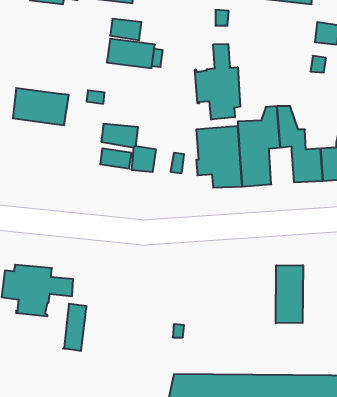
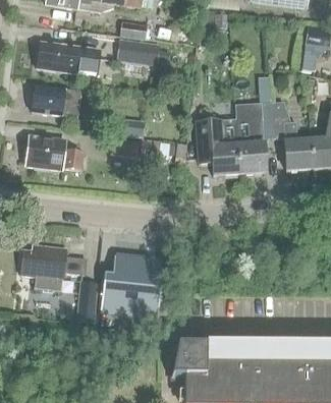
building: none -> [37,40,100,74]
building: [195,44,240,120] -> none
building: none -> [25,133,82,168]
building: [276,265,303,323] -> none
building: none -> [103,262,161,319]

